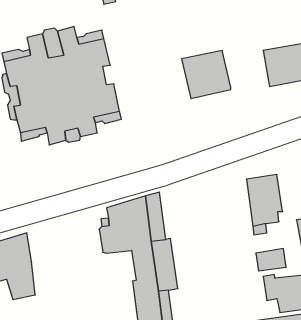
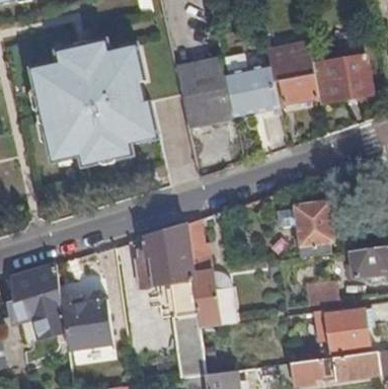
building: none -> [268,47,320,105]
building: none -> [175,59,235,128]
building: none -> [61,292,113,351]

